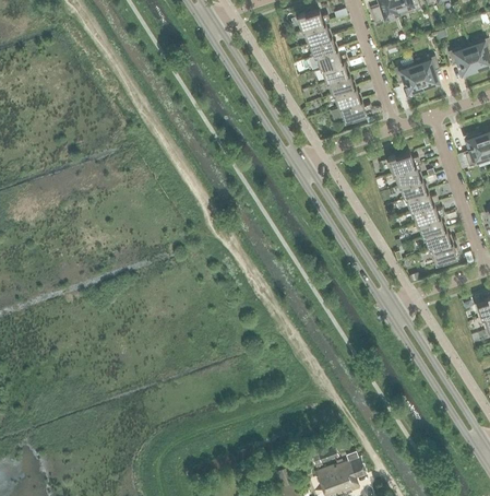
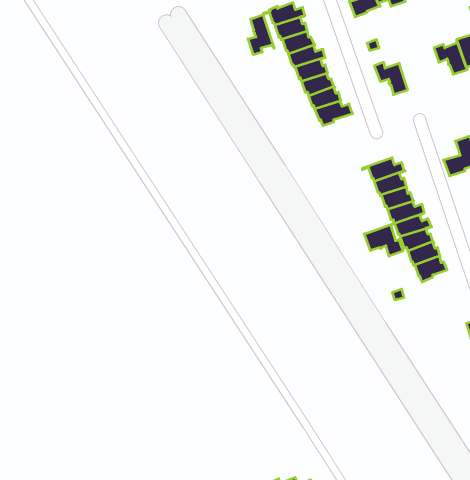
building: none -> [248,15,274,55]
building: [415,55,438,88] -> none
building: none -> [364,223,403,256]

